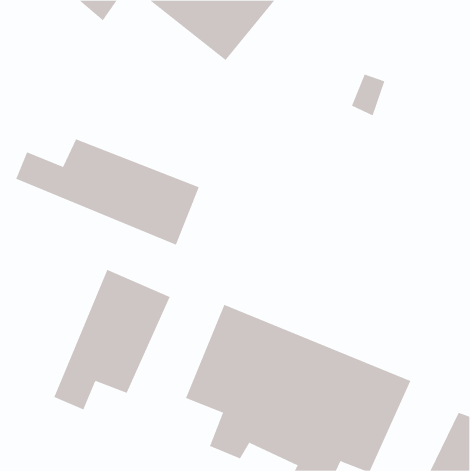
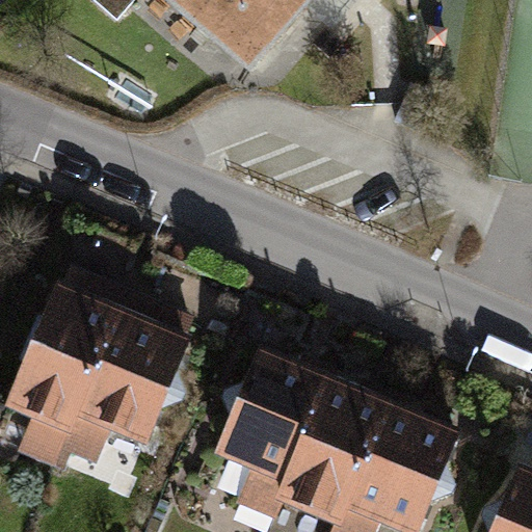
building: [15,138,200,246] -> none
building: none -> [6,276,121,467]

